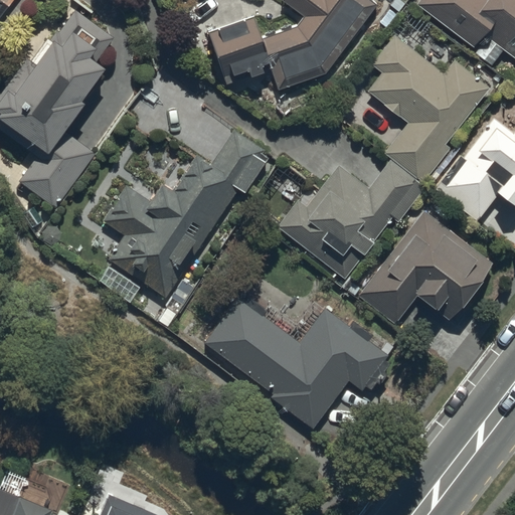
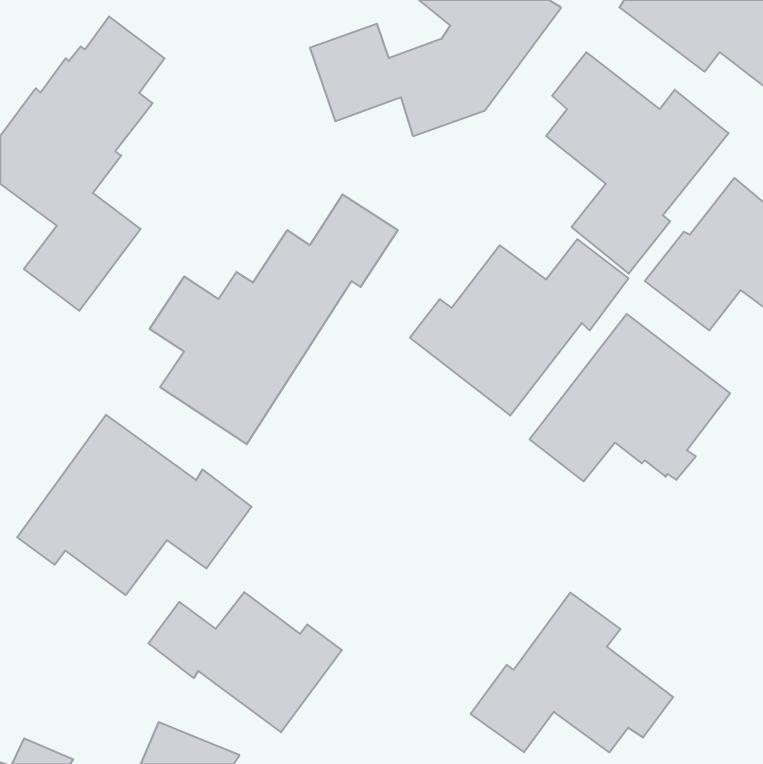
building: none -> [17,415,252,595]
building: [203,293,389,428] -> none
building: none -> [148,592,342,732]
building: none -> [471,593,673,752]

